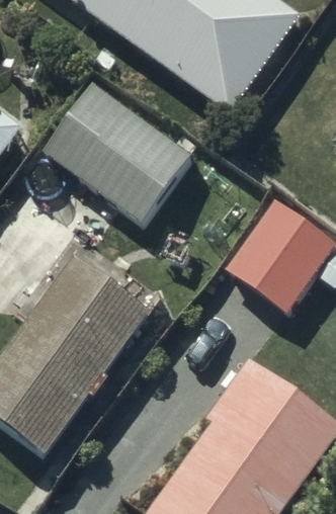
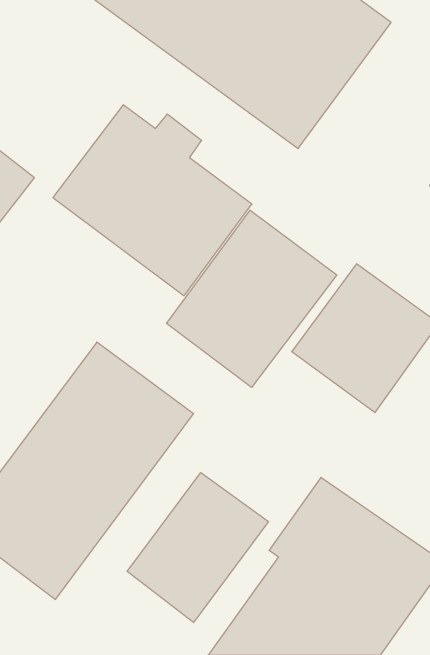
building: none -> [166,210,337,387]
building: none -> [127,473,269,623]

